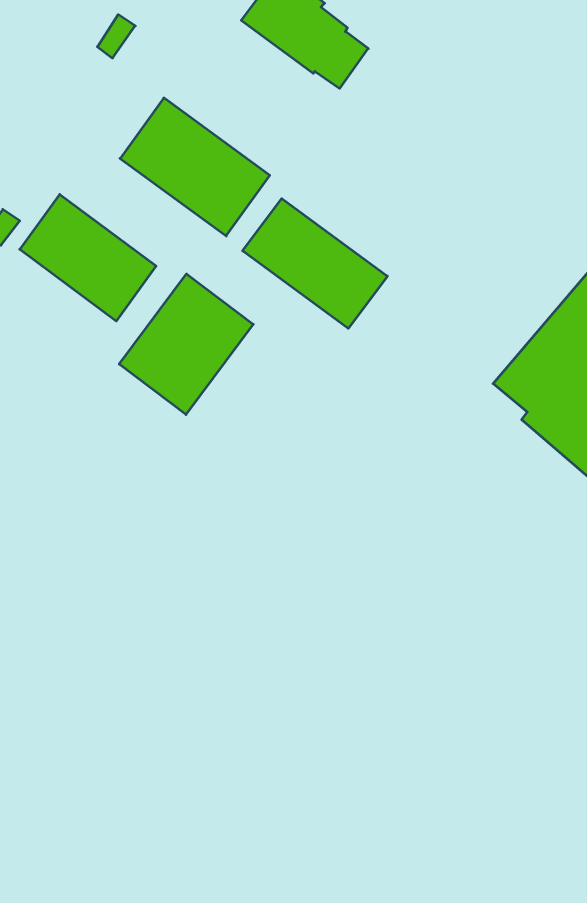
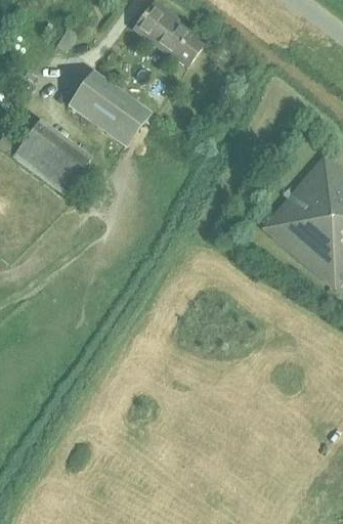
building: [243,199,387,328] -> none
building: [119,274,253,415] -> none

